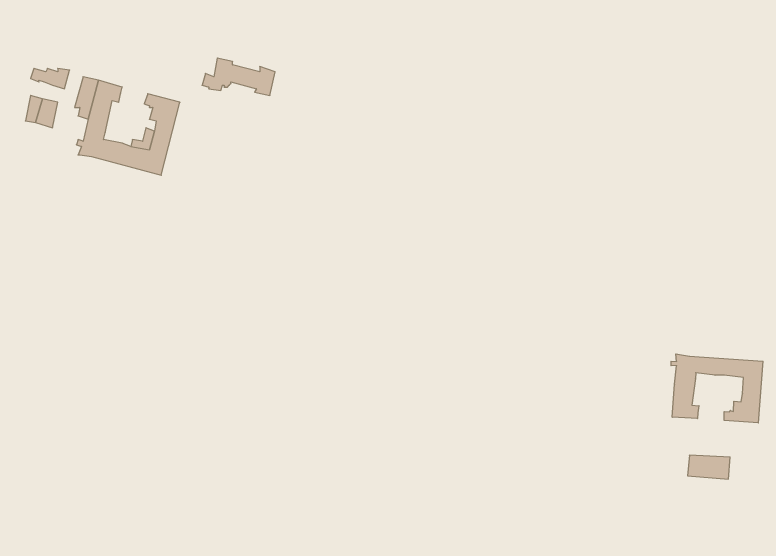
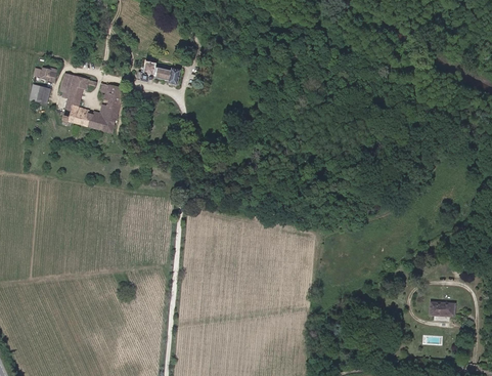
building: [671,354,763,423] -> none

